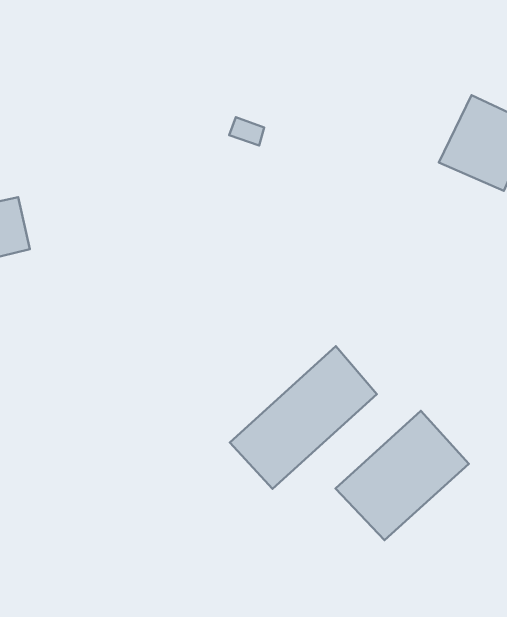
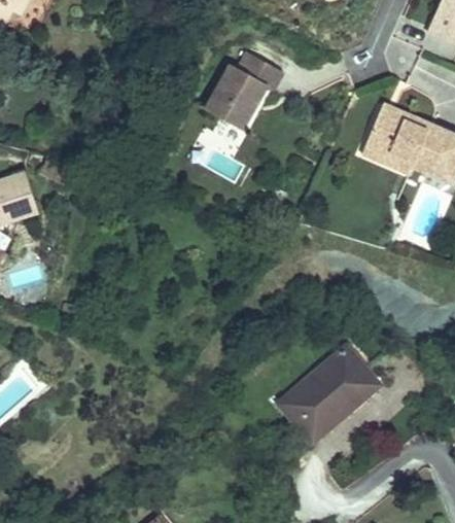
building: none -> [189,39,280,127]
building: [230,346,377,489] -> none

